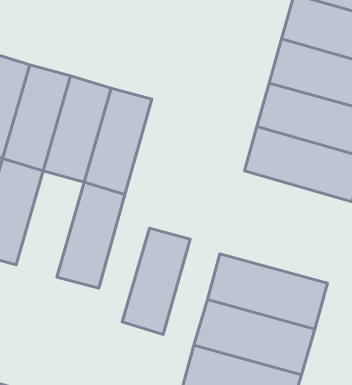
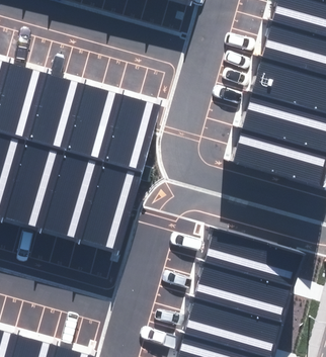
building: [122,228,190,334] -> [43,157,98,244]

